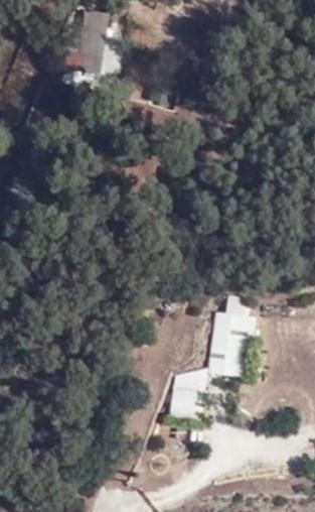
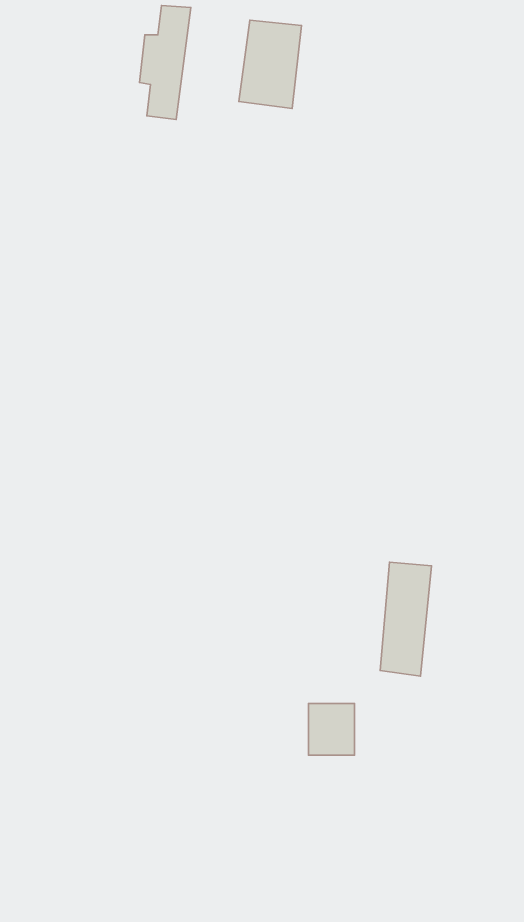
building: none -> [239,20,301,108]

